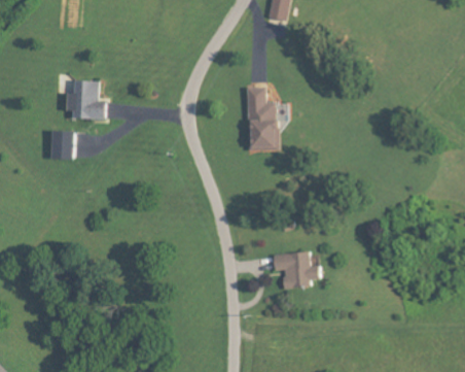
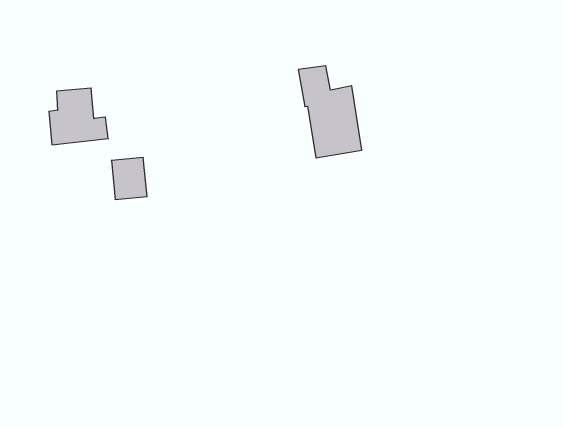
building: [49,131,73,160] -> [111,158,147,199]
building: [272,251,321,290] -> none

